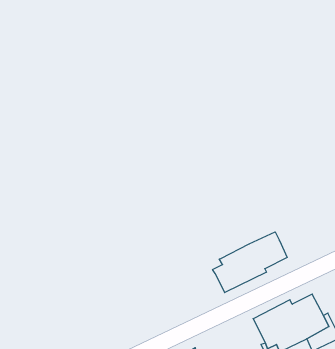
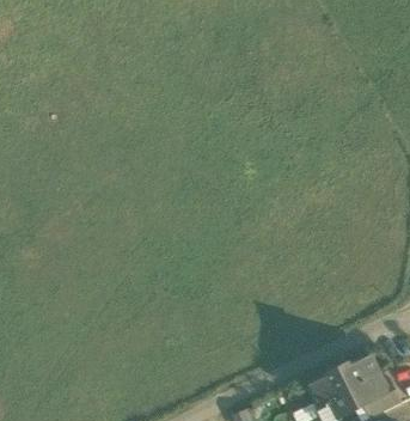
building: [213,232,287,293] -> none

